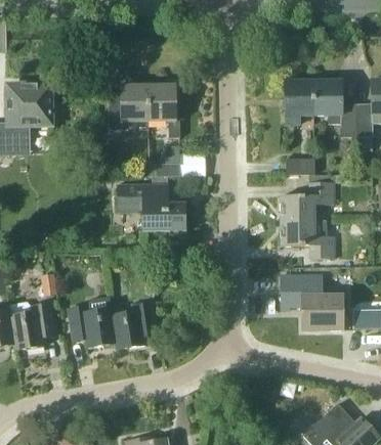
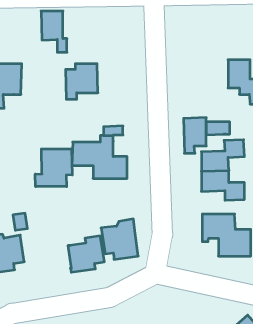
building: [285,80,313,125] -> [184,118,206,153]
building: [147,85,180,137] -> [41,11,67,52]
building: none -> [35,149,72,187]
building: [68,297,115,348] -> [101,219,138,259]

